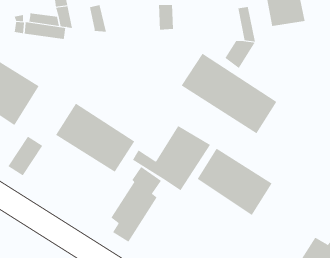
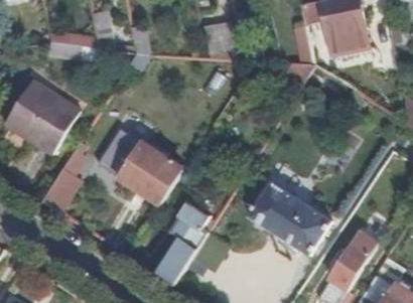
building: [181,53,277,134] -> none
building: [132,125,211,191] -> none
building: none -> [328,231,377,289]

